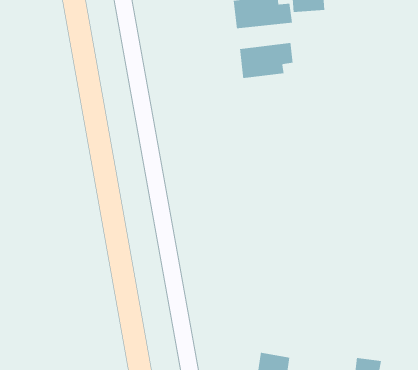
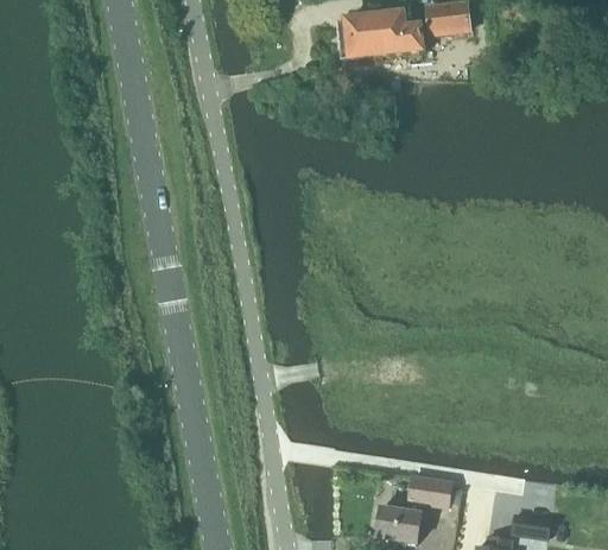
building: [239,42,293,79] -> none
building: none -> [405,474,452,506]

